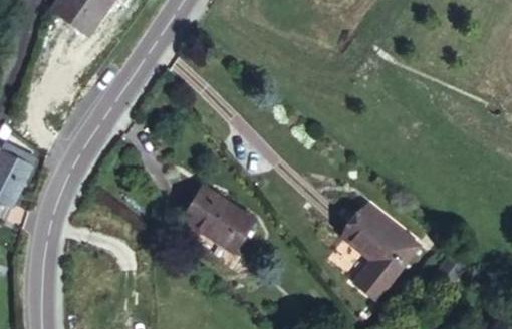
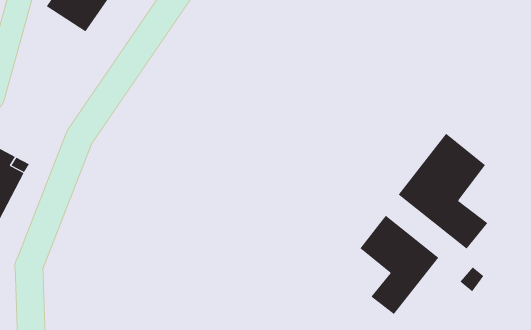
building: none -> [398,133,488,249]
building: [182,187,253,252] -> none

